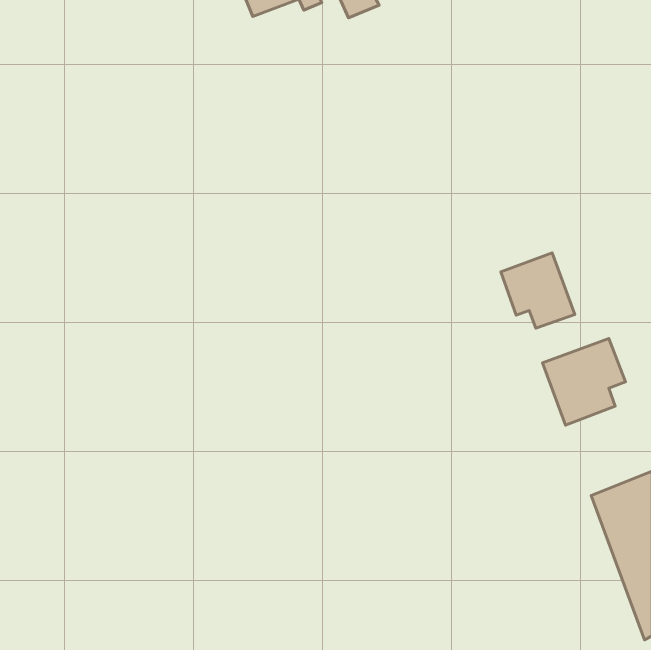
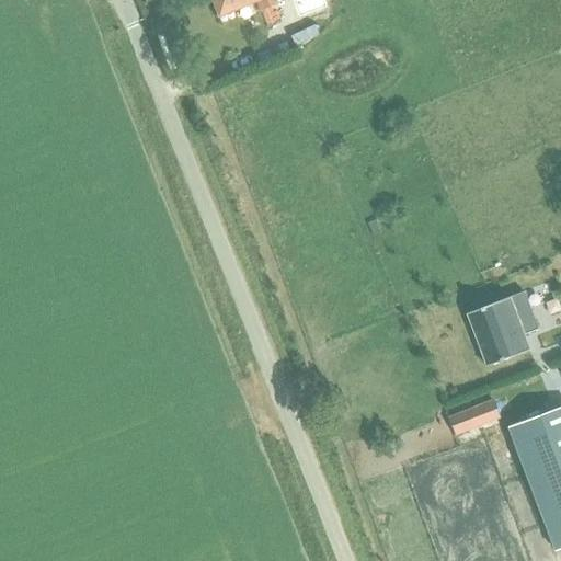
building: [501,253,575,328] -> none
building: none -> [448,399,500,433]

